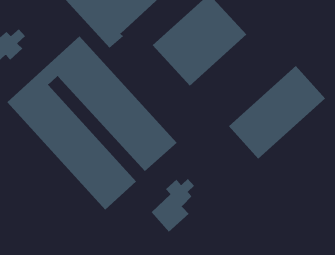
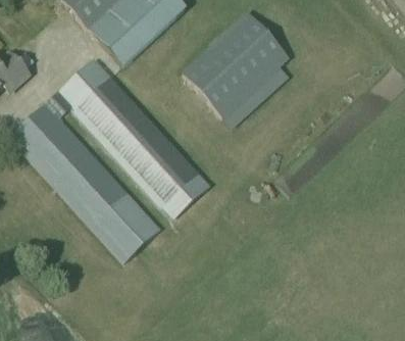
building: [228,65,326,159] -> none
building: [151,178,195,233] -> none

